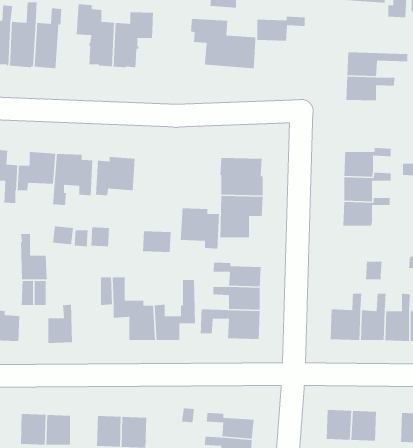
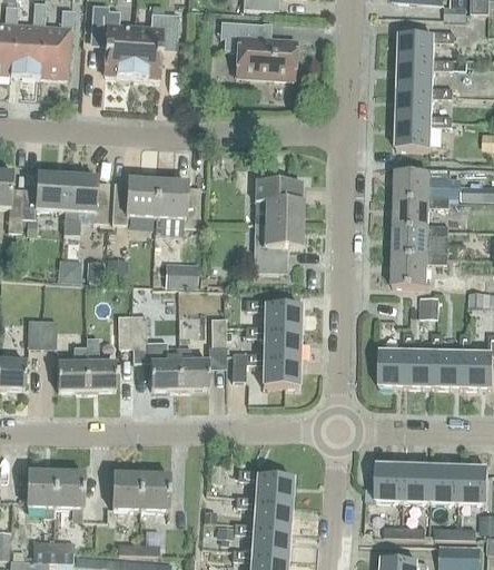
building: [257,16,305,41] -> [398,31,454,60]
building: none -> [395,115,452,150]
building: [180,207,220,249] -> [155,180,200,228]
building: none -> [392,253,447,287]
building: [20,233,48,280] -> [85,337,116,391]
building: none -> [431,469,460,504]

